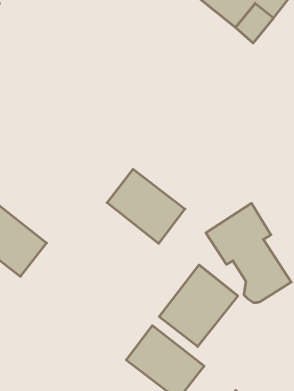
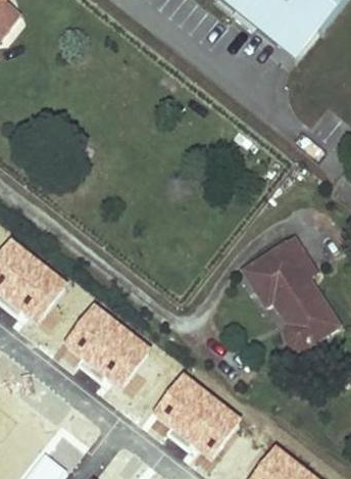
building: [107,169,185,243] -> [65,301,151,383]
building: [159,265,238,347] -> none

